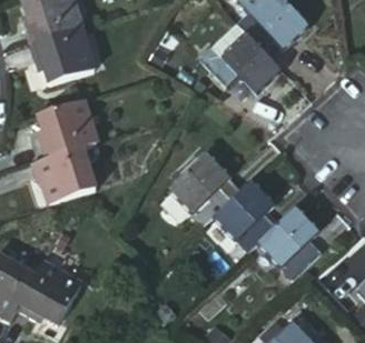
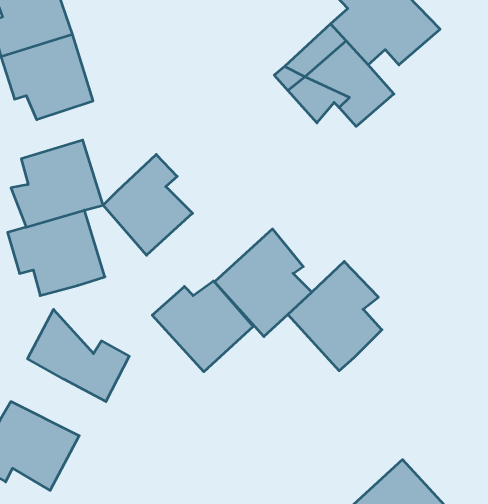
building: none -> [103,154,193,255]
building: none -> [152,281,253,372]
building: [260,203,323,276] -> none
building: none -> [28,309,129,402]

